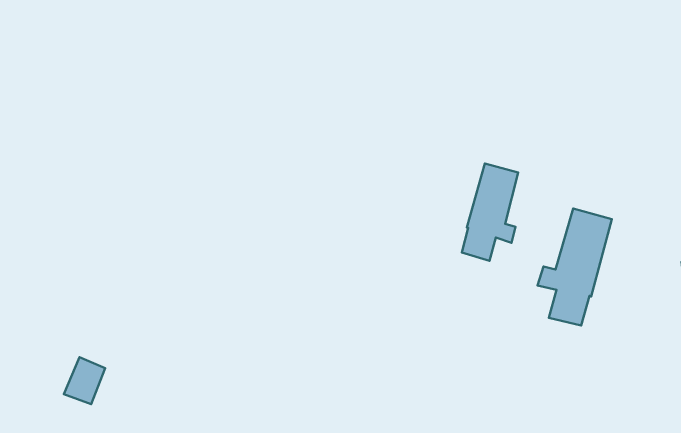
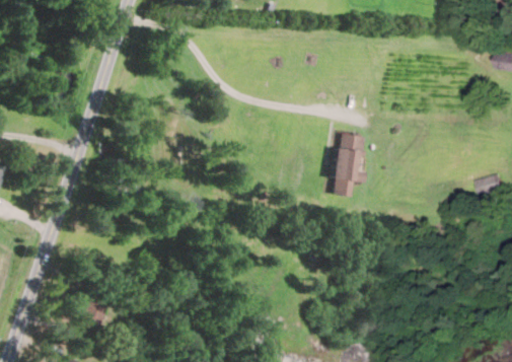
building: [538,209,612,326] -> none

